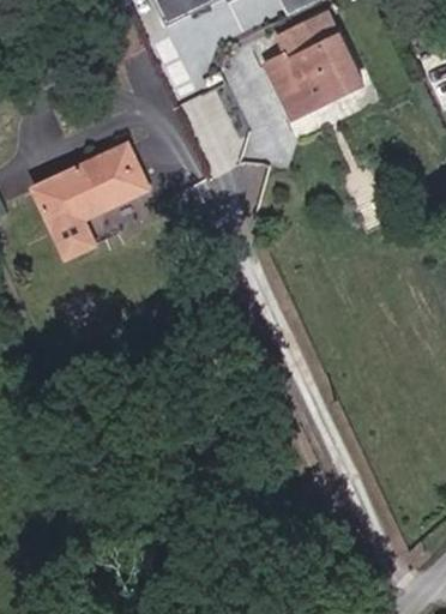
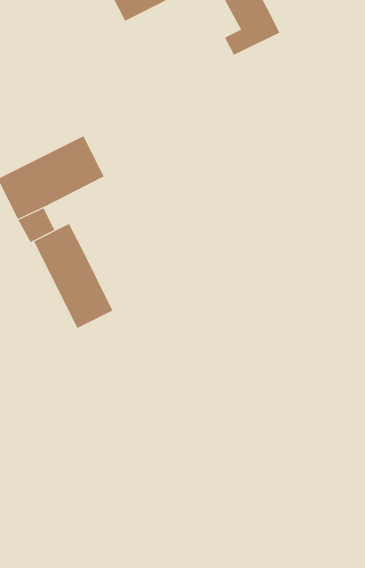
building: [259,35,358,116] -> none
building: none -> [33,223,113,329]

